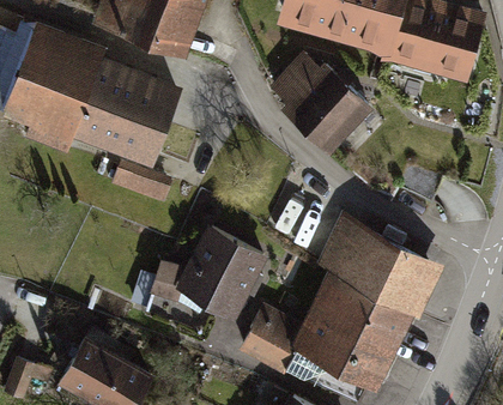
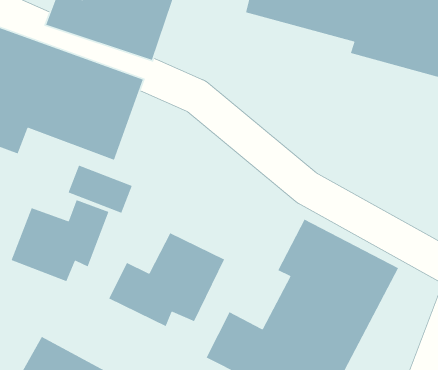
building: [271,49,374,156] -> none
building: none -> [11,199,110,282]

